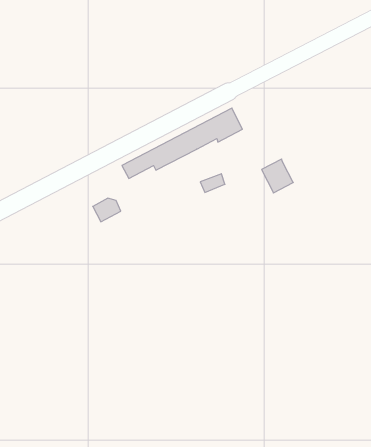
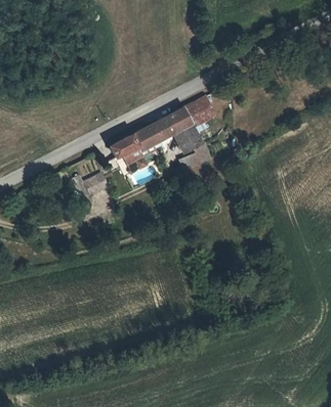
building: [262,159,293,193] -> [174,123,202,152]

